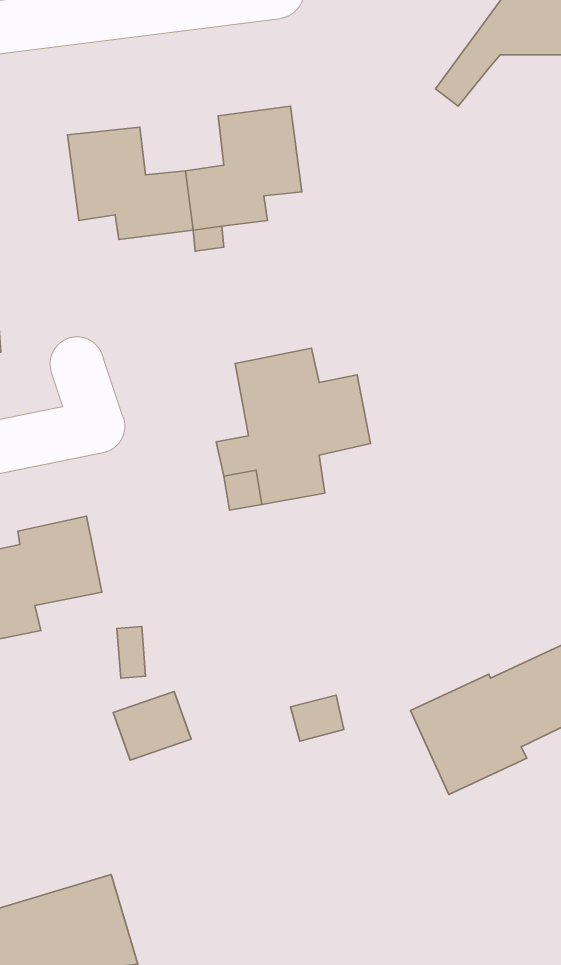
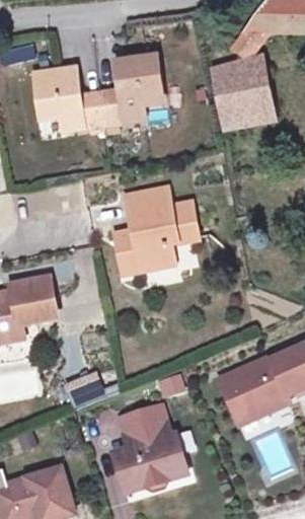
building: none -> [213,57,274,126]
building: none -> [113,404,188,494]

